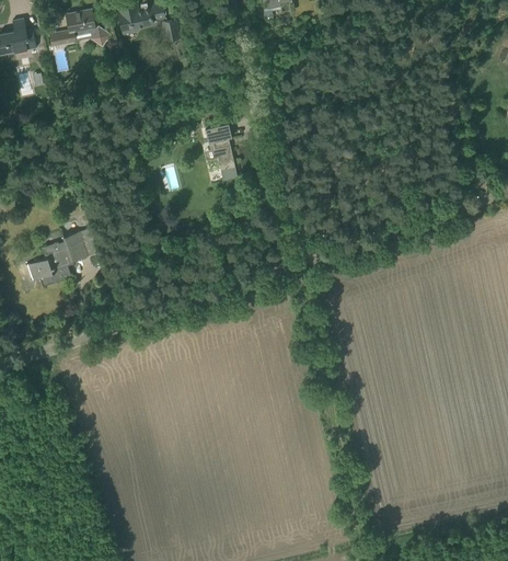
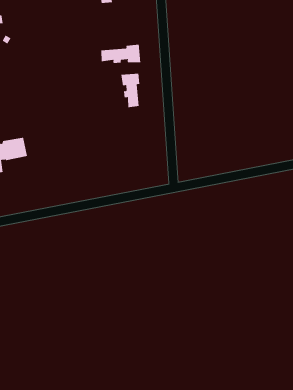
building: none -> [101,44,141,64]

